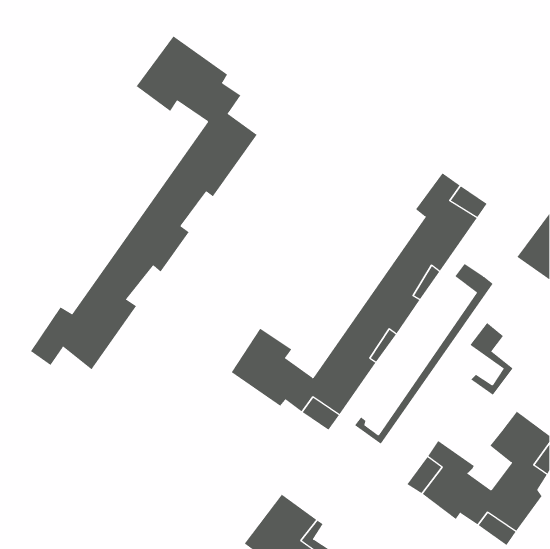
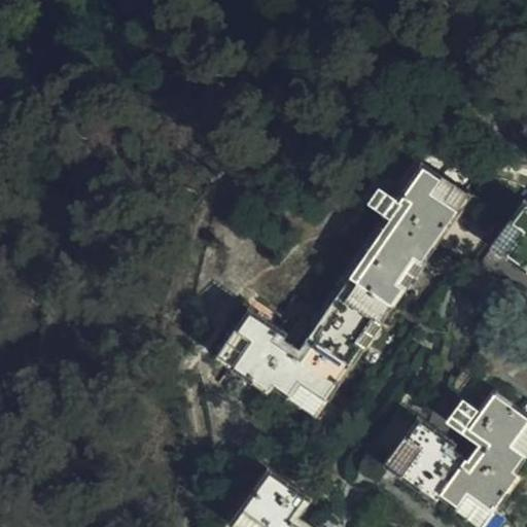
building: [30,36,257,370] -> none
building: [354,263,493,444] -> [273,189,406,362]
building: [469,322,514,396] -> [446,399,488,469]

